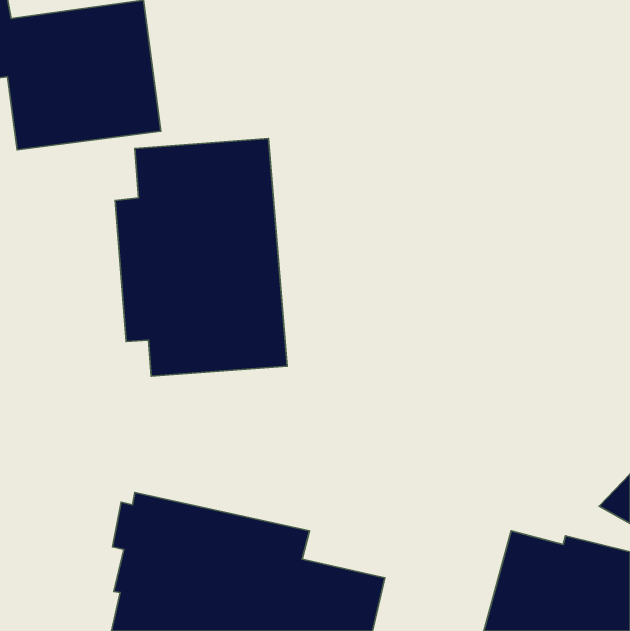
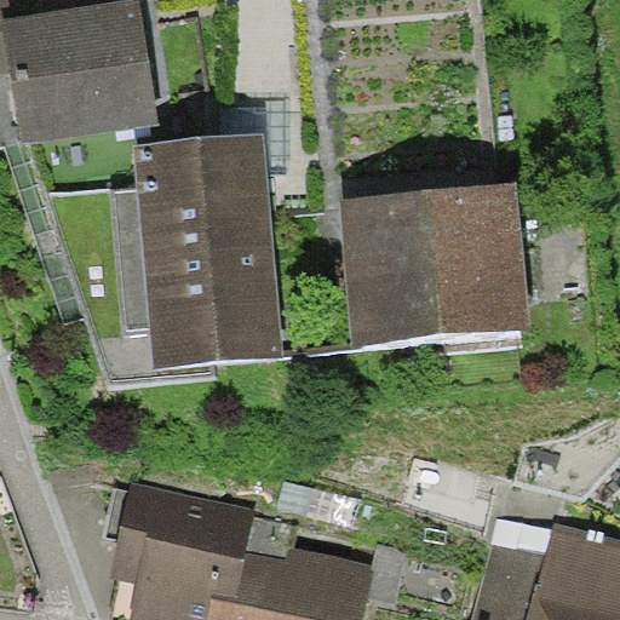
building: none -> [341,184,529,352]

